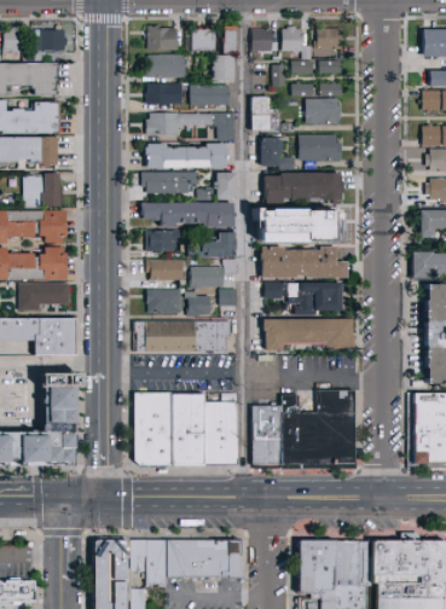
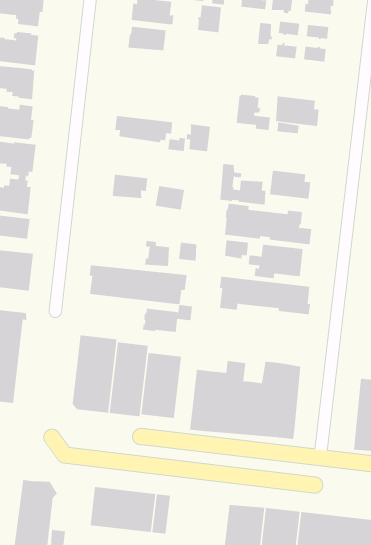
building: [191,85,231,105] -> none
building: [251,95,279,130] -> none
building: [306,98,341,124] -> none
building: [146,112,234,138] -> none
building: [145,143,228,168] -> none
building: [265,172,344,204] -> none
building: [141,202,234,226] -> none
building: [147,259,184,280] -> none
building: [191,259,238,288] -> [142,305,193,333]
building: [147,289,183,312] -> none
building: [144,539,163,585] -> none

